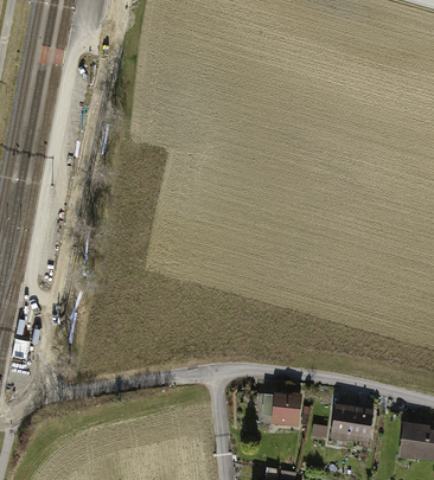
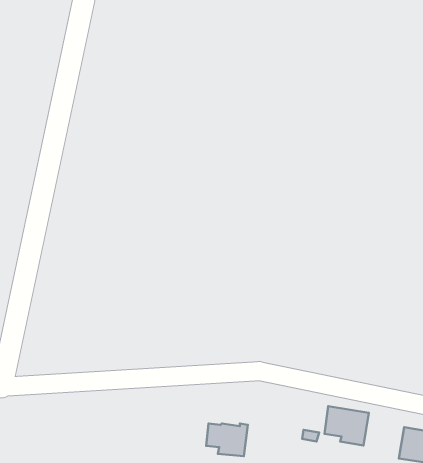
building: [262,393,300,423] -> [206,424,248,456]

